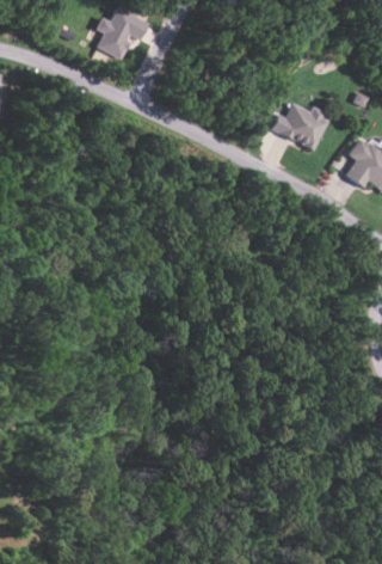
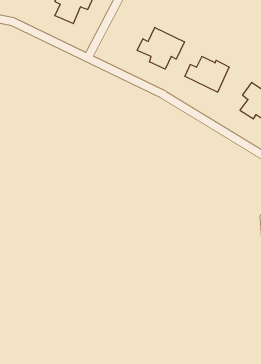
building: none -> [137,27,184,69]

